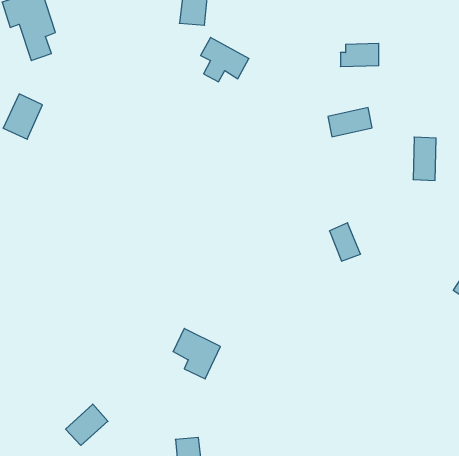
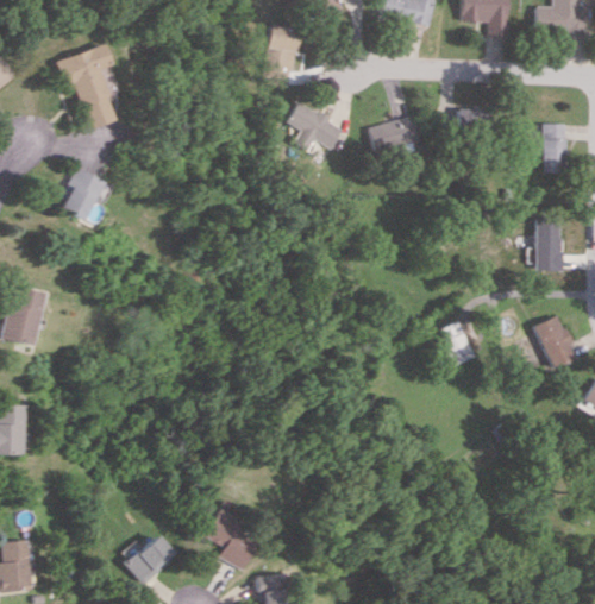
building: none -> [544,122,569,172]
building: [328,108,372,137] -> [368,115,420,150]
building: none -> [536,314,580,371]
building: [173,328,220,379] -> [203,510,259,570]

